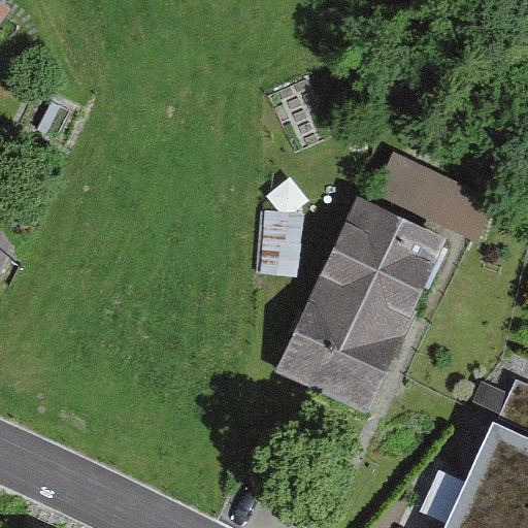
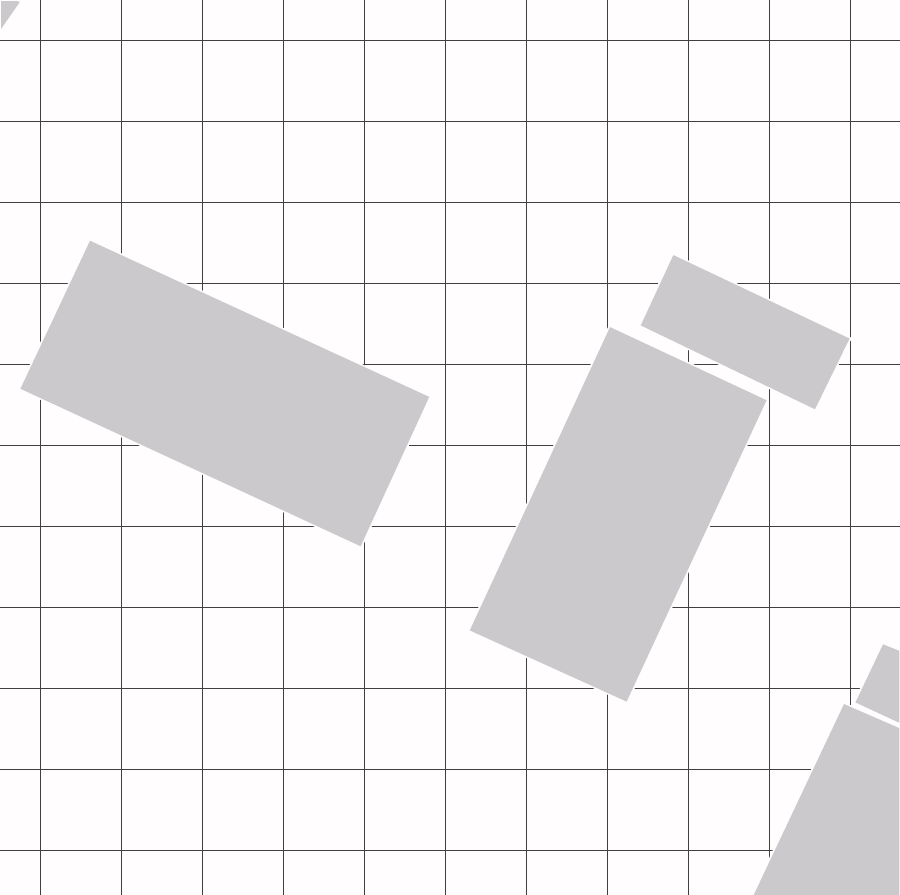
building: none -> [19,240,430,548]

